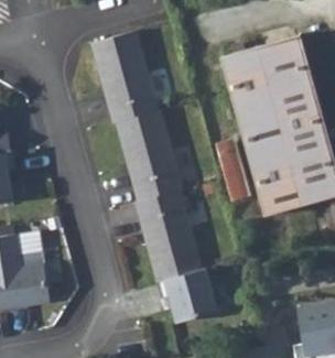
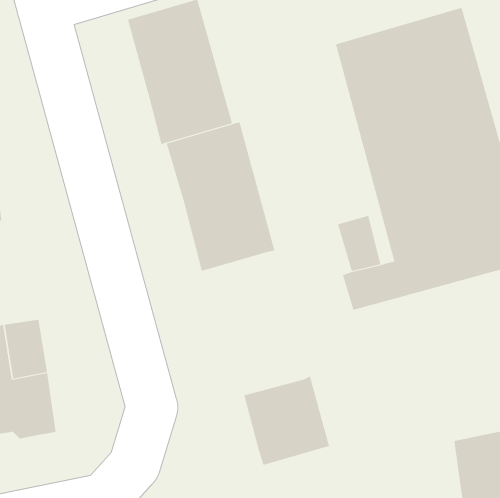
building: [132,188,202,280] -> none

